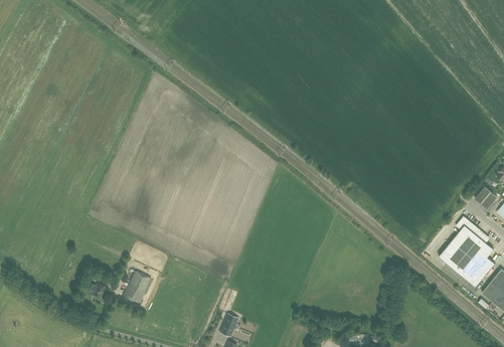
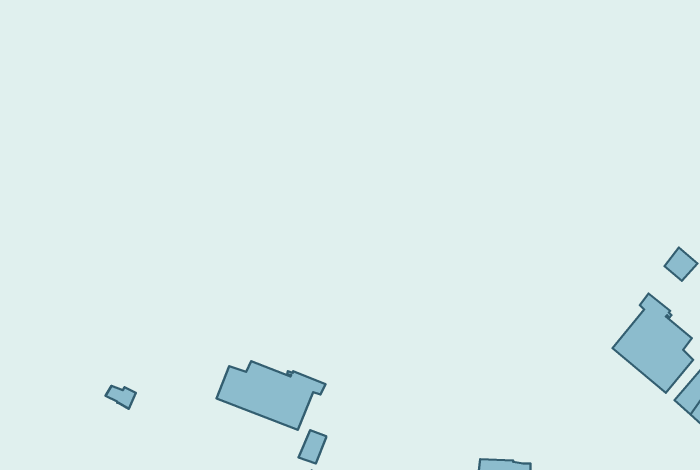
building: none -> [217,361,325,430]
building: [124,271,151,303] -> none

